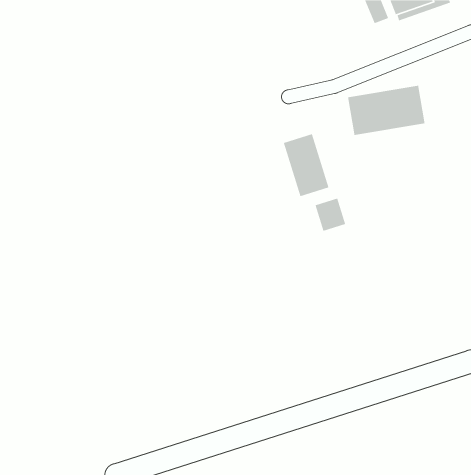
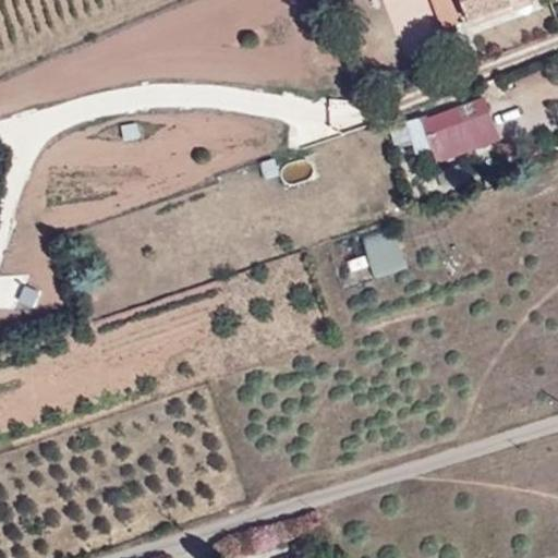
building: [283,133,329,197] -> none

